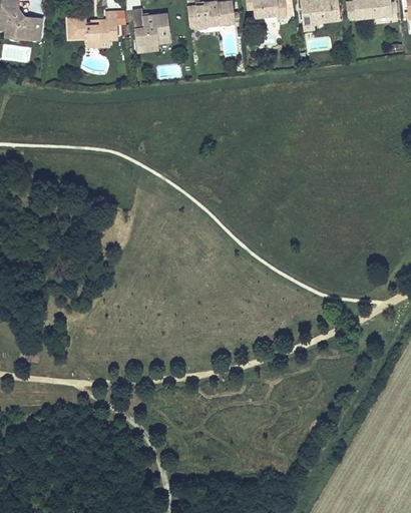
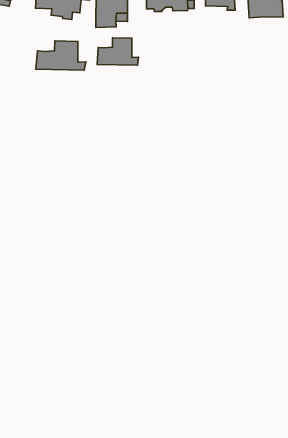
building: none -> [97,38,138,65]
building: none -> [36,41,86,70]

